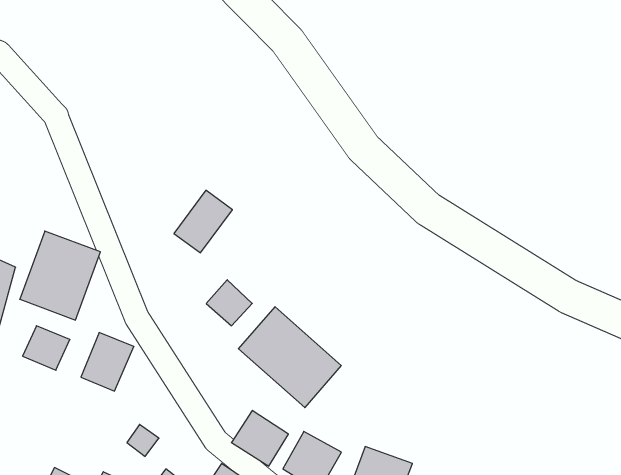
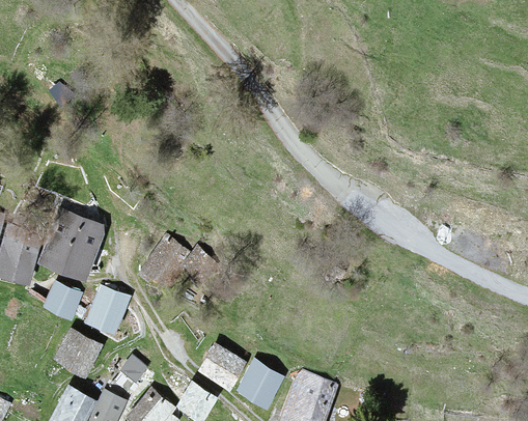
building: [174,190,232,253] -> [143,237,187,284]
building: [238,307,341,408] -> none
building: none -> [56,331,100,374]

